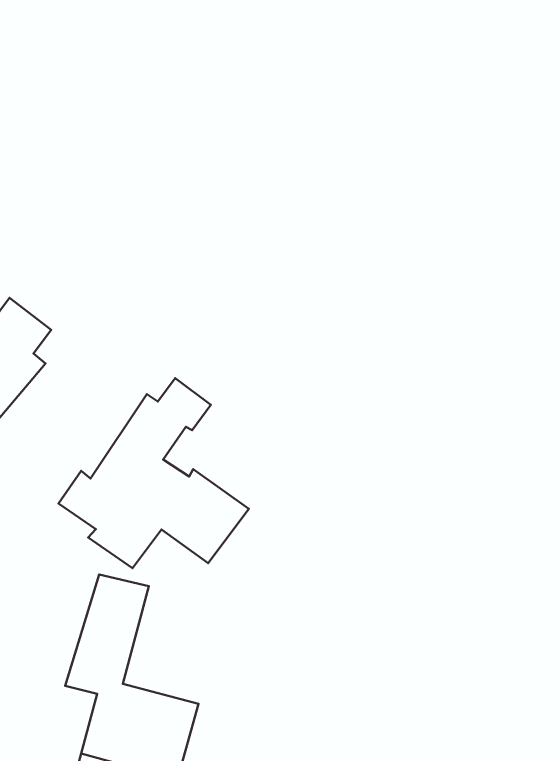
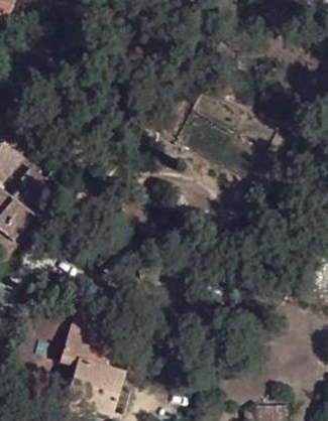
building: [58,378,249,568] -> none

